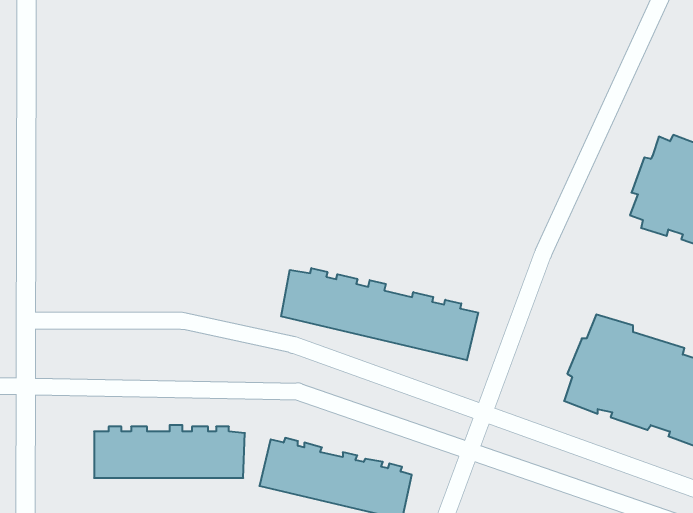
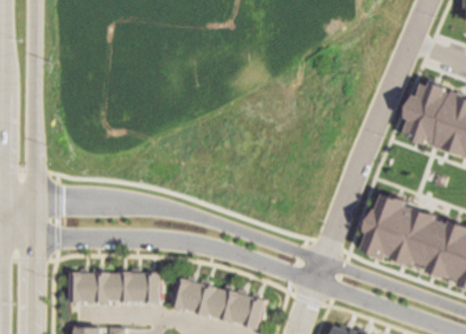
building: [281,268,478,360] -> none

